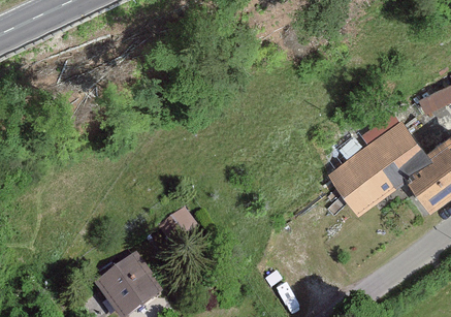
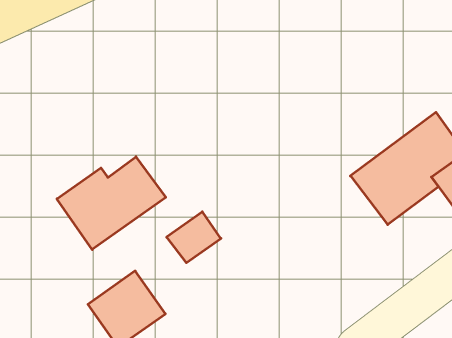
building: none -> [57,157,166,250]

